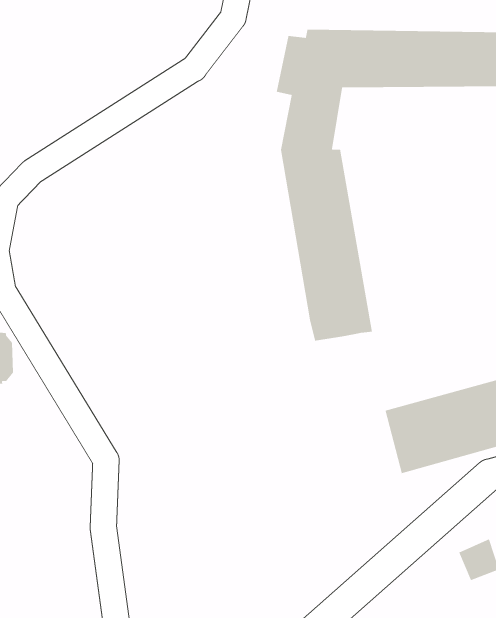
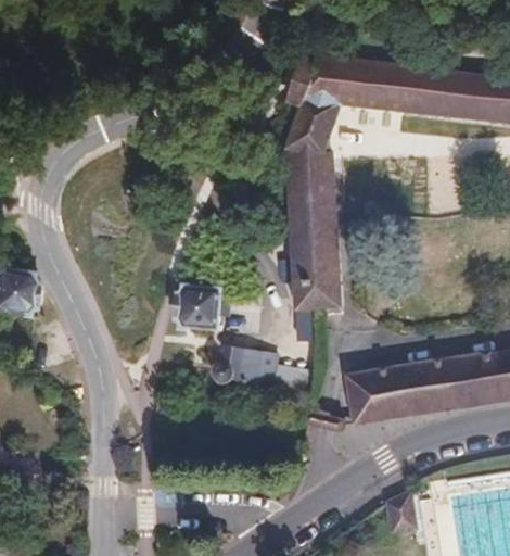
building: none -> [178,286,219,330]
building: none -> [211,345,280,391]

